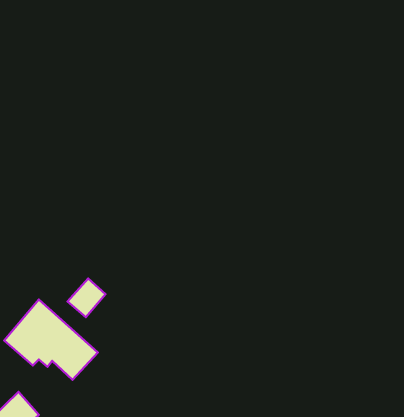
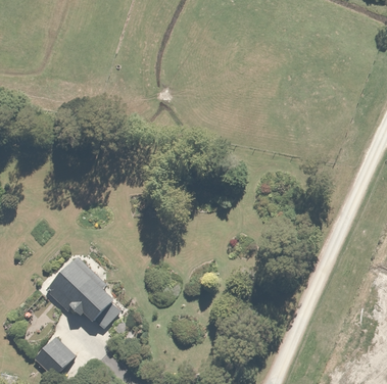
building: [67,279,106,317] -> none

